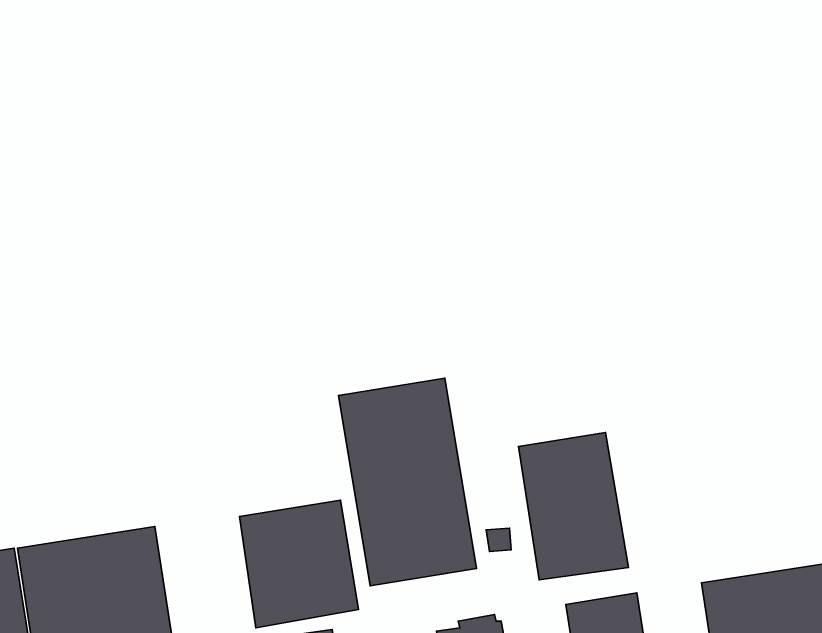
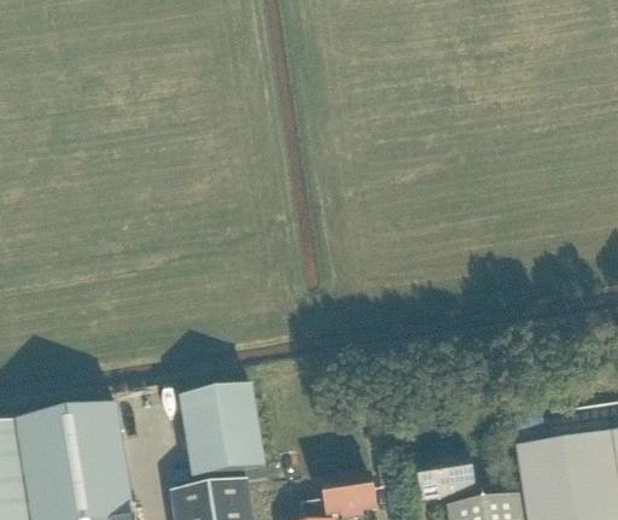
building: [338,378,476,586] -> none
building: [518,432,628,580] -> none

